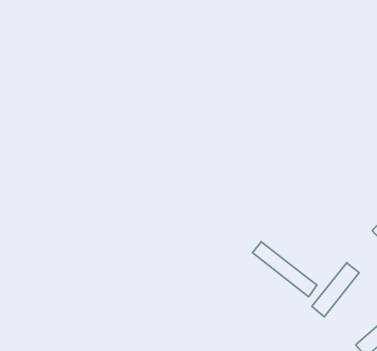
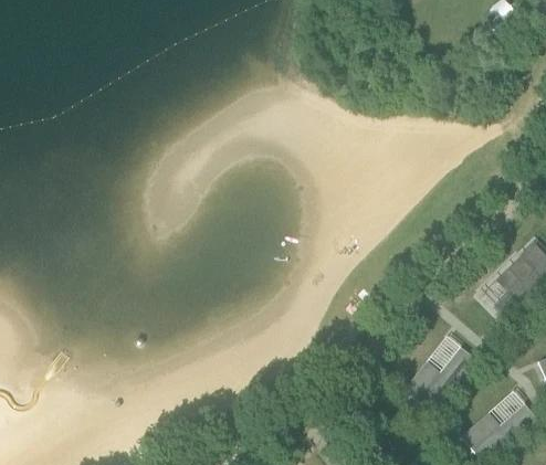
building: [253,242,317,297] -> none

